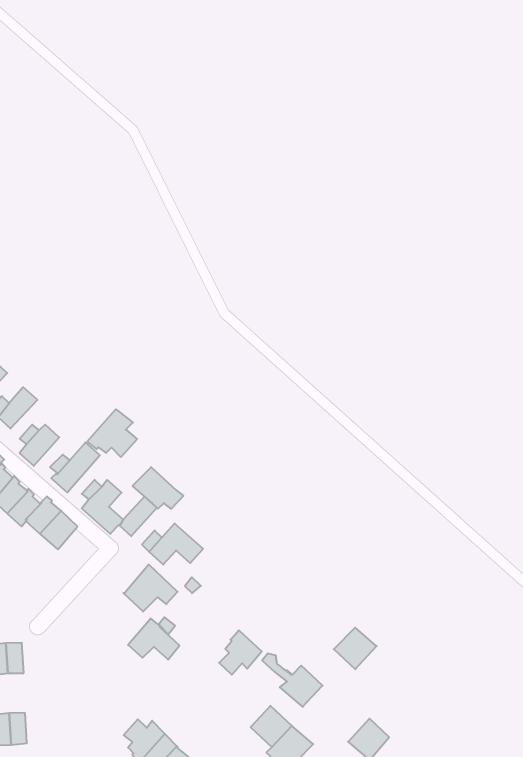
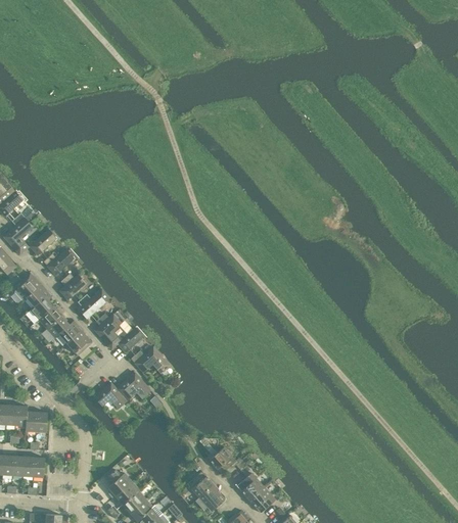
building: [87,409,137,457] -> none
building: [133,467,183,509] -> none
building: [128,618,179,660] -> [94,382,127,410]
building: [334,628,377,669] -> [236,473,264,500]
building: [219,630,262,675] -> none

